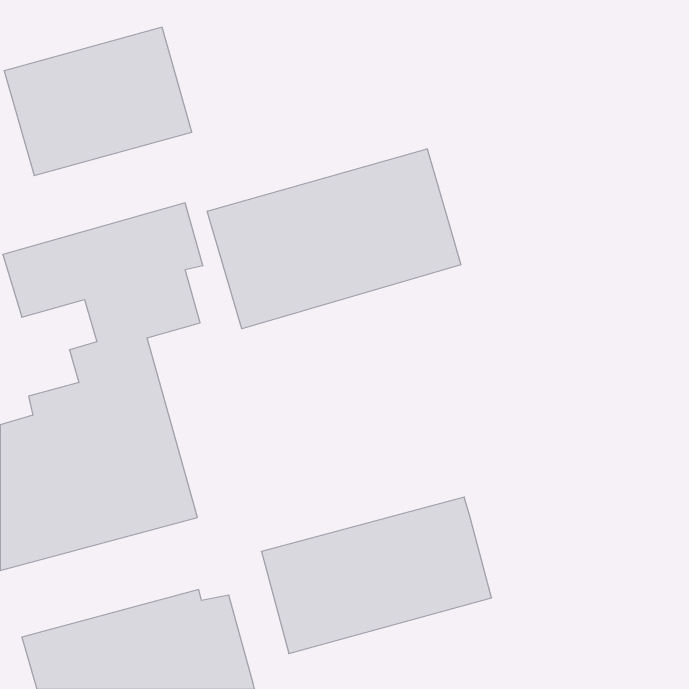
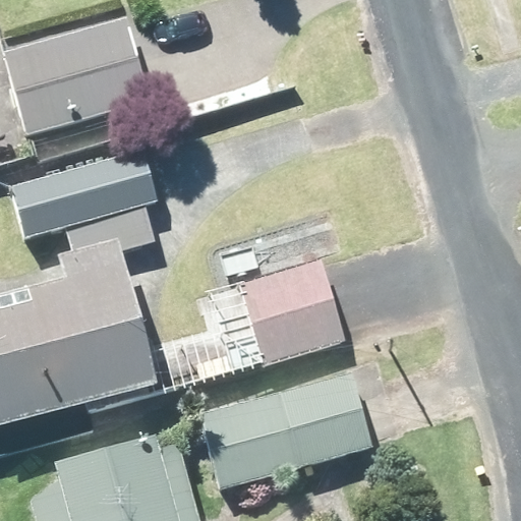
building: [207,149,461,329] -> none
building: none -> [240,260,344,363]

